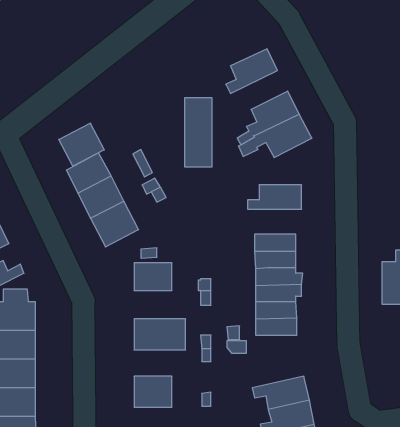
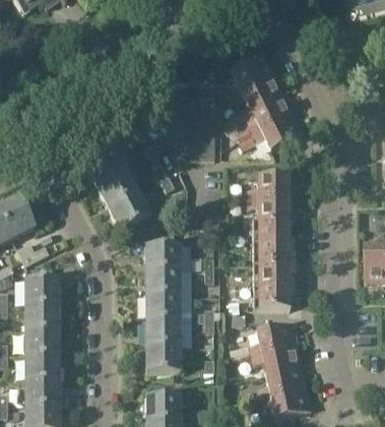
building: none -> [230,74,281,109]
building: [59,123,104,166] -> none
building: none -> [246,197,294,220]
building: none -> [145,269,191,295]
building: none -> [145,322,179,346]
building: none -> [242,323,296,357]

